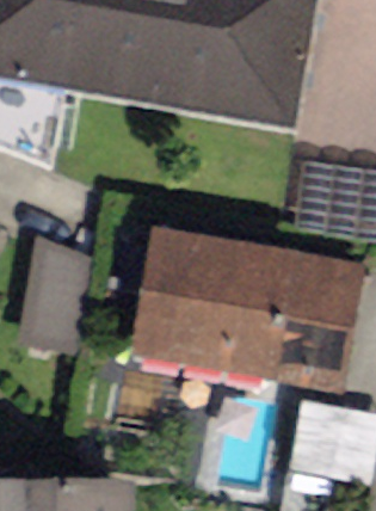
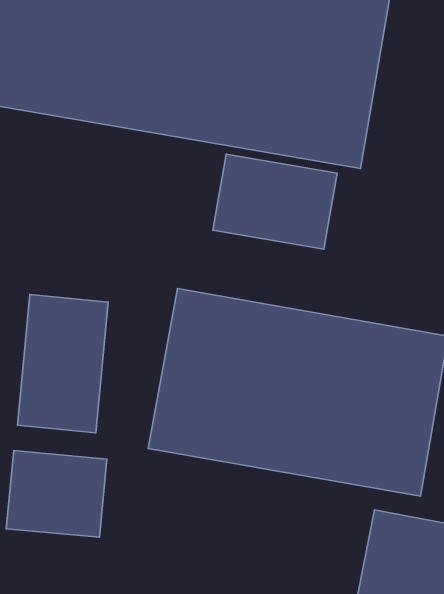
building: none -> [213,154,337,249]
building: none -> [6,451,107,537]

